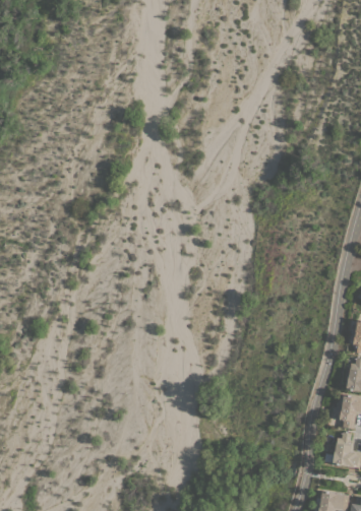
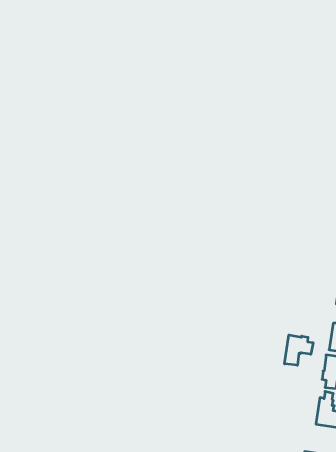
building: none -> [285,335,313,365]

